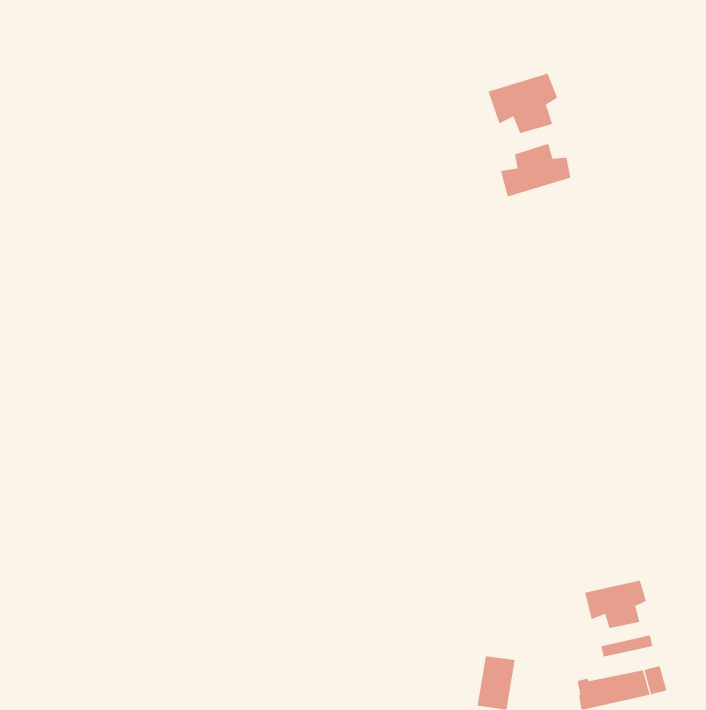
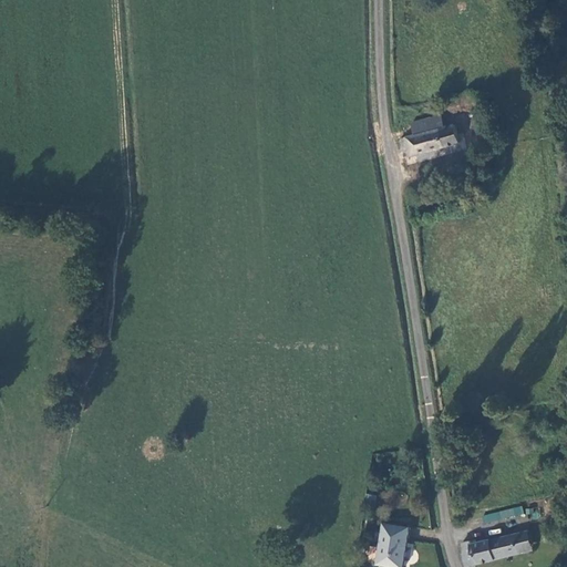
building: [488,73,558,134] -> none
building: [584,580,647,629] -> none

